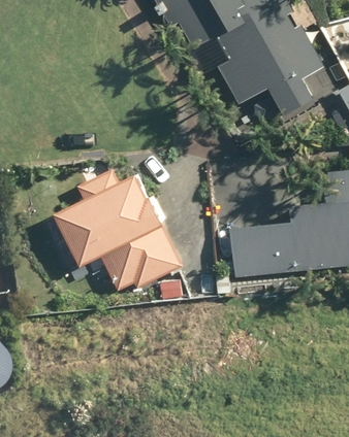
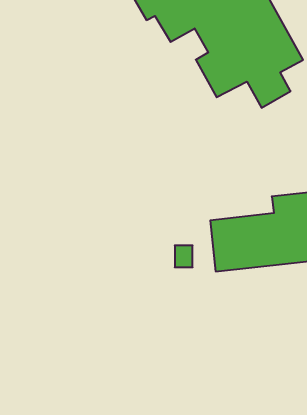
building: [55,172,184,292] -> none

